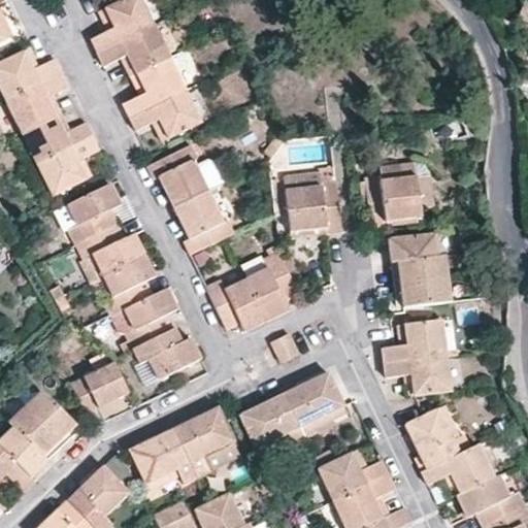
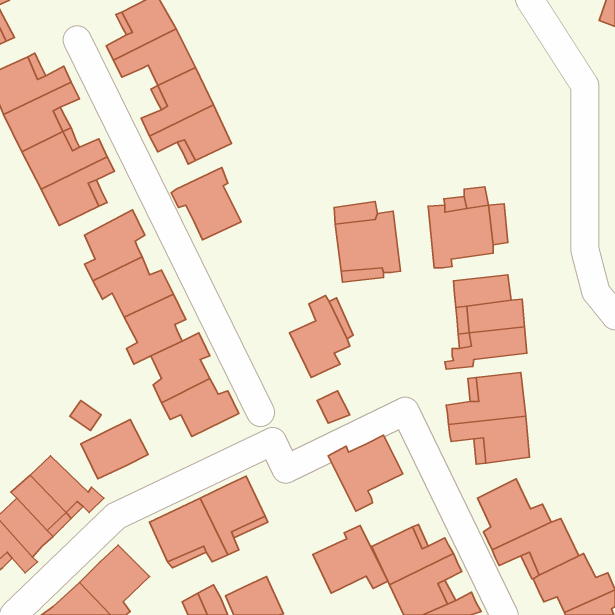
building: [173,190,233,253] -> none
building: [207,283,266,333] -> none
building: [240,390,304,448] -> [313,526,388,593]

